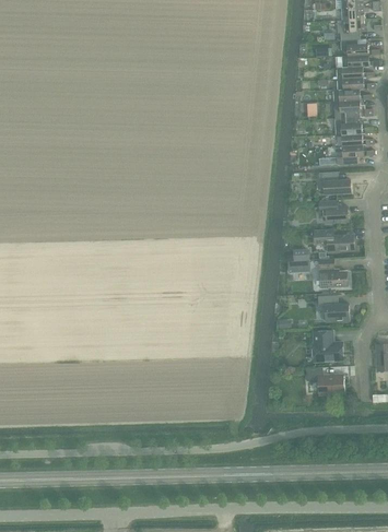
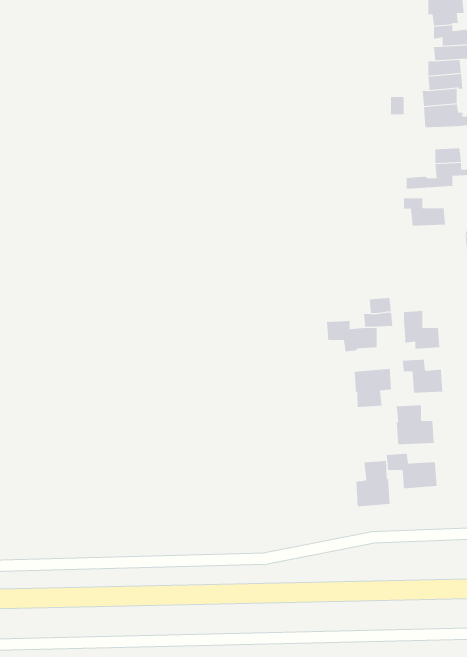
building: [334,116,362,133] -> none
building: [319,198,348,222] -> none
building: [314,227,353,251] -> [326,320,378,352]
building: none -> [354,368,391,408]
building: none -> [356,460,390,507]

